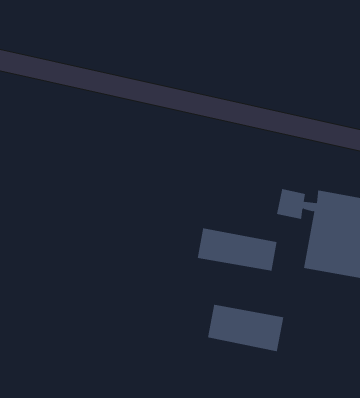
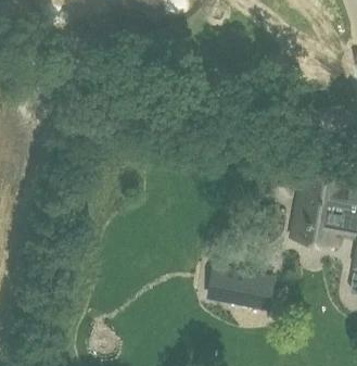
building: [197,228,277,271] -> none

